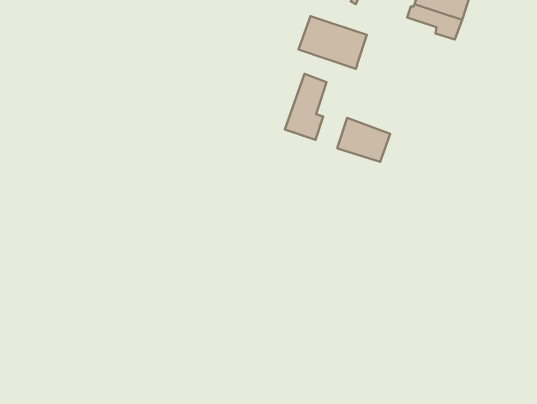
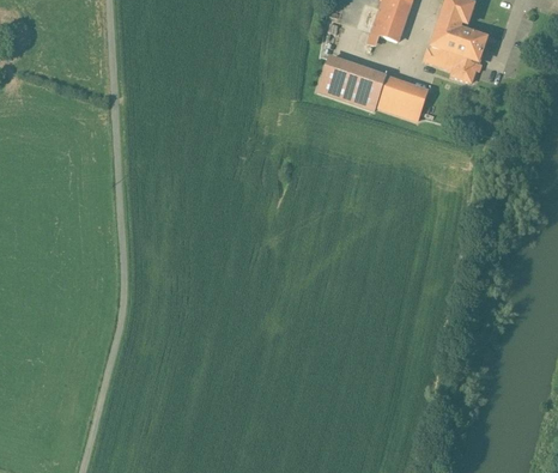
building: [285,74,326,140] -> none
building: [337,118,390,162] -> [376,74,427,117]

